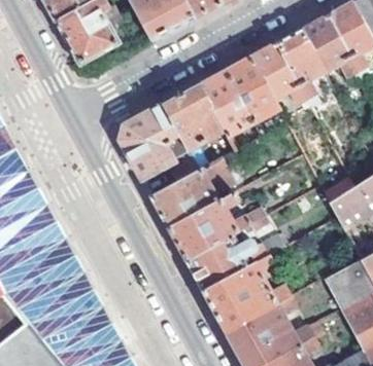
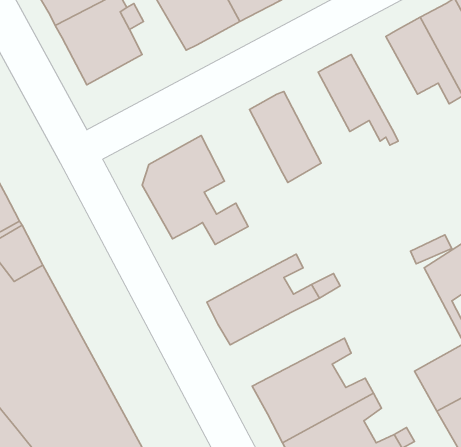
building: [276,29,326,101] -> none
building: [226,56,280,123] -> none
building: [164,83,225,149] -> none
building: [150,150,246,227] -> none
building: [185,234,277,290] -> none

